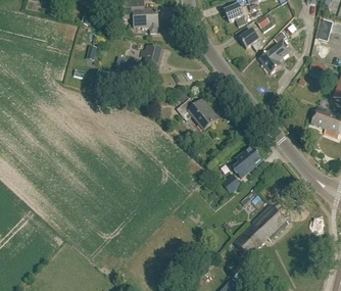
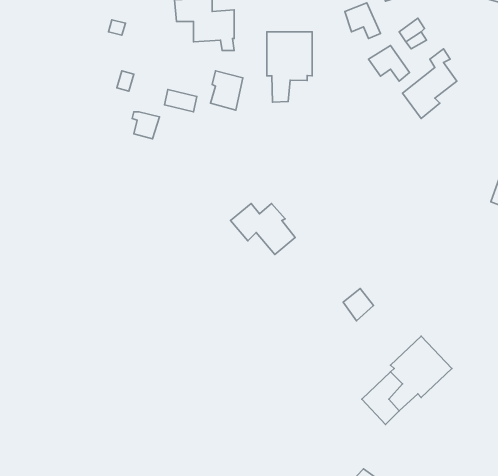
building: none -> [267,32,312,102]
building: [176,98,214,129] -> [231,204,295,255]
building: [234,147,261,177] -> none

